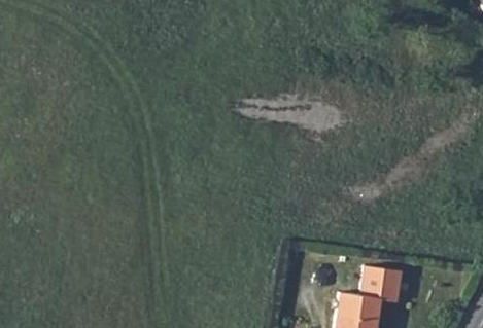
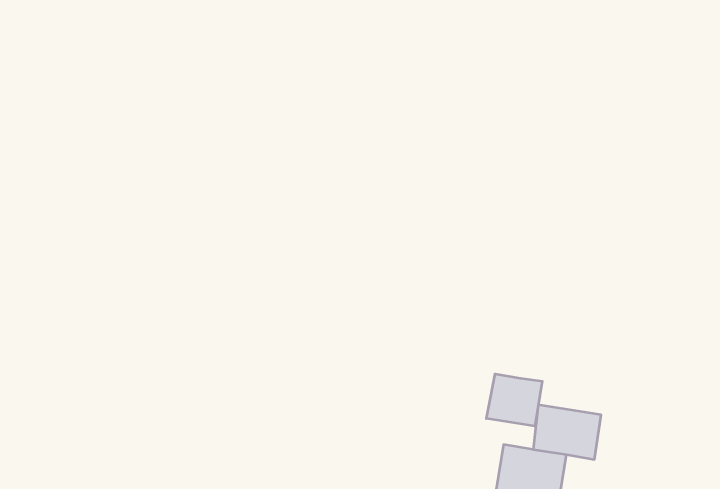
building: none -> [486,374,542,426]

